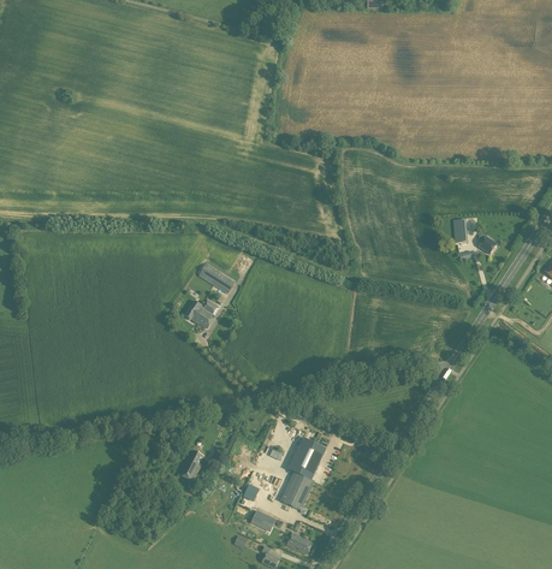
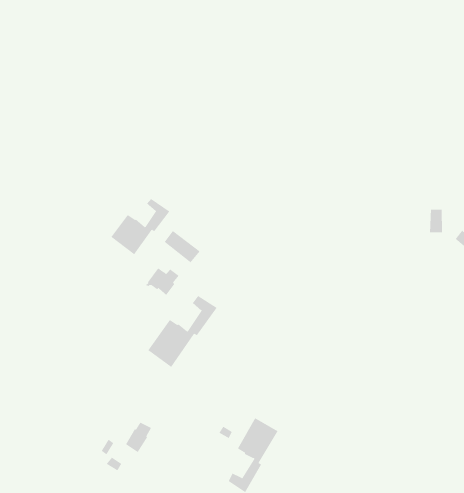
building: none -> [111,198,170,255]
building: none -> [147,295,218,368]

